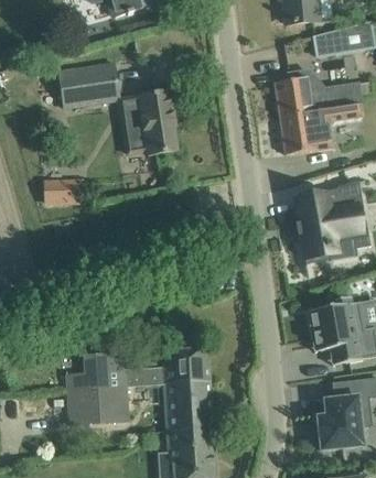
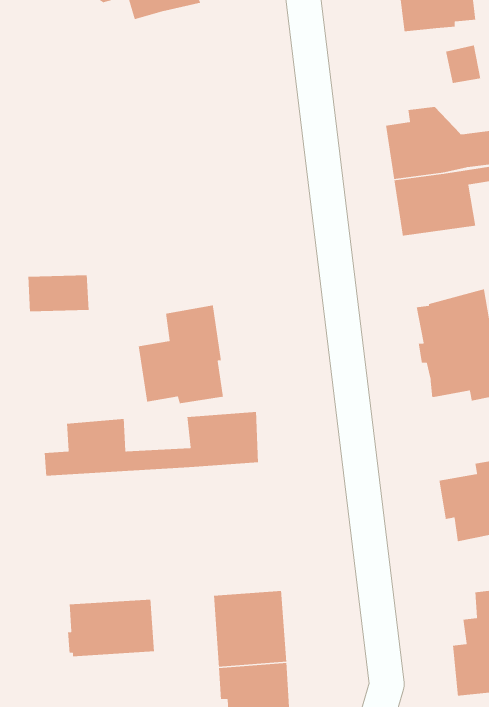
building: [58,64,118,108] -> none
building: [122,89,178,153] -> [138,305,224,404]
building: [71,347,208,389] -> [44,411,259,477]

